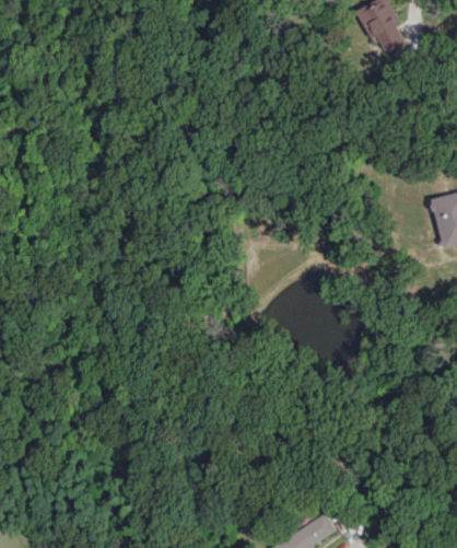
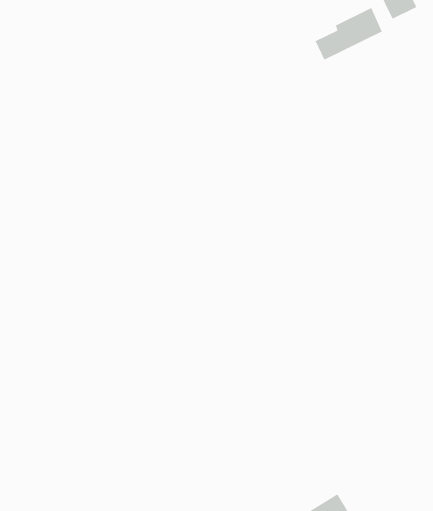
building: none -> [315,7,382,60]

